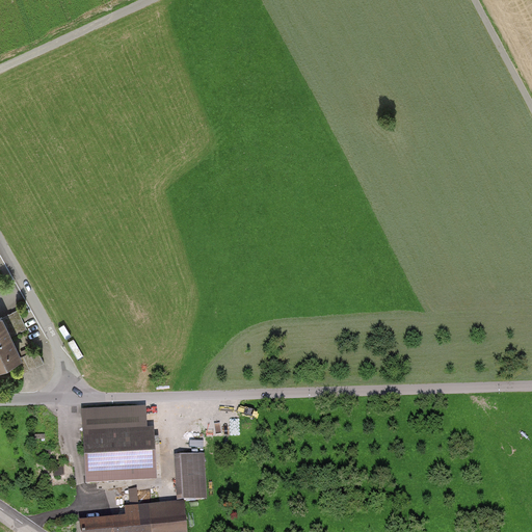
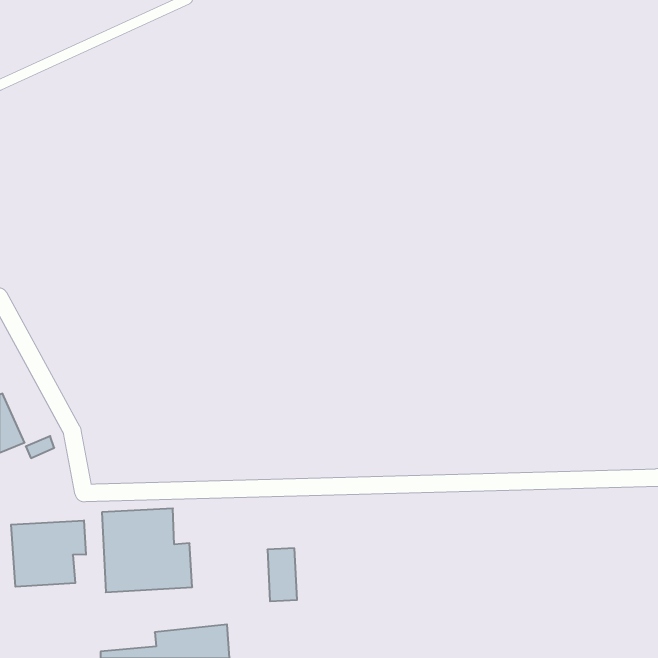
building: none -> [11,520,86,587]
building: [180,456,204,499] -> [267,548,297,601]

